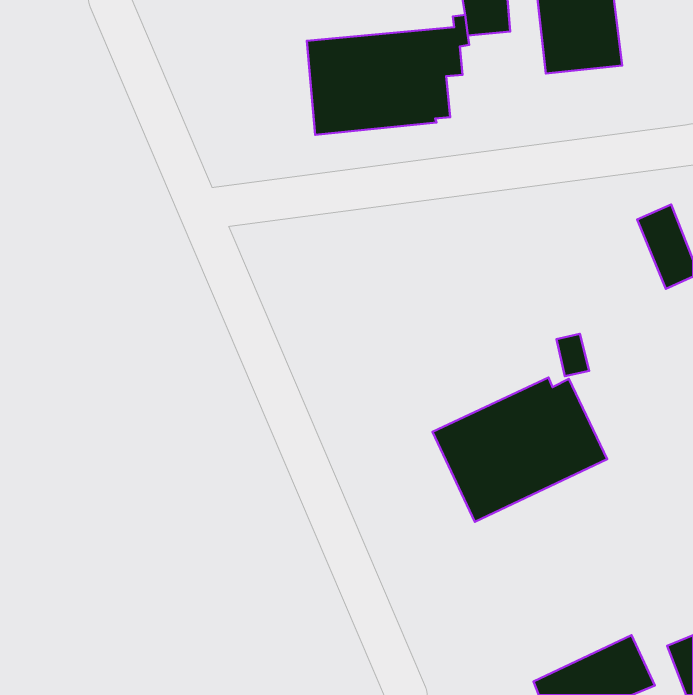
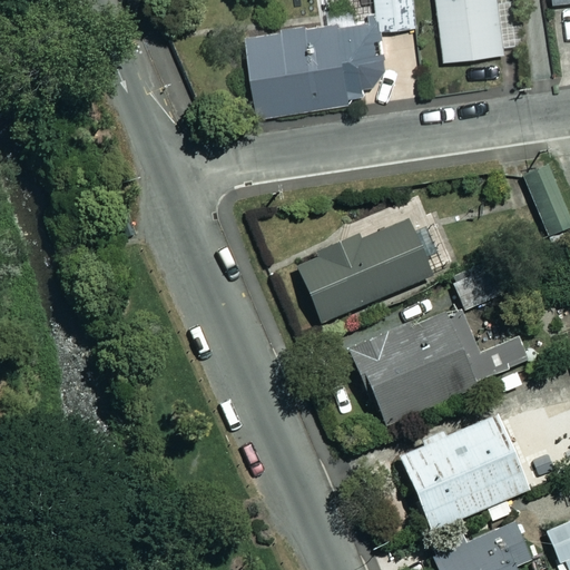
building: none -> [295,220,432,323]
building: none -> [401,415,540,530]

